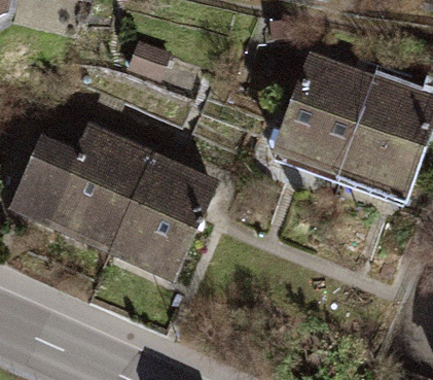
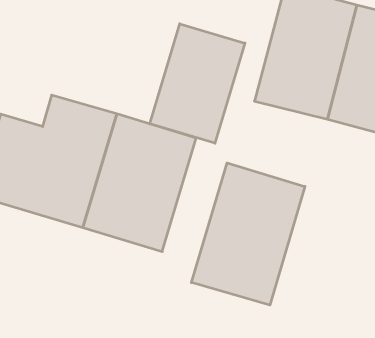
building: none -> [150,24,245,143]
building: none -> [191,163,305,305]

